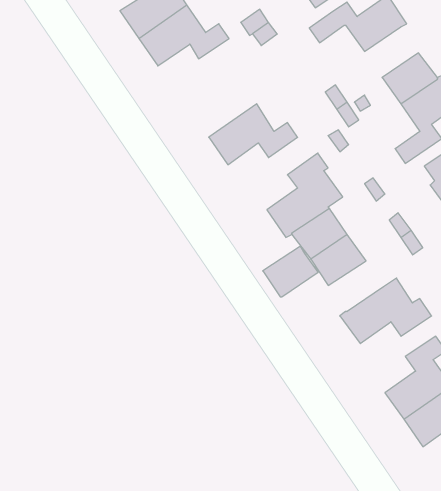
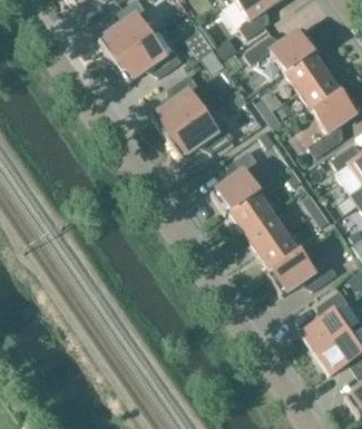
building: none -> [286,52,327,91]
building: none -> [153,74,218,137]
building: [263,246,318,297] -> [258,232,301,271]

